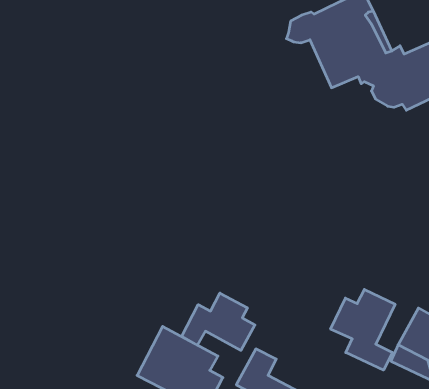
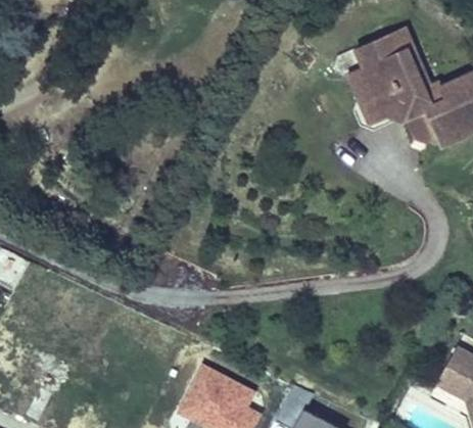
building: [331,289,395,370] -> none
building: [182,293,255,350] -> none

